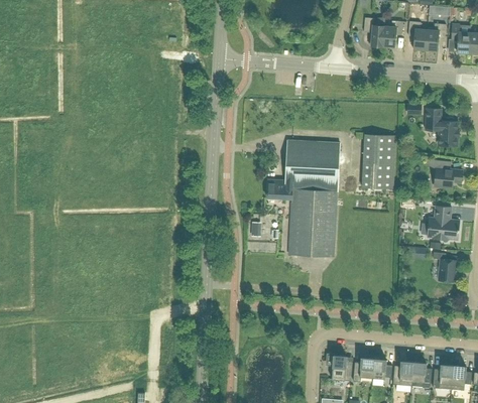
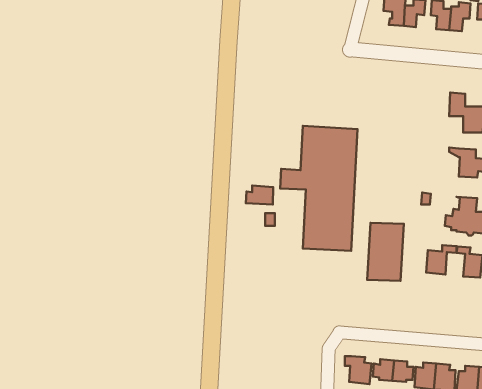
building: [361,134,395,188] -> [367,223,404,281]
building: none -> [246,185,273,204]
building: none -> [426,245,457,275]

